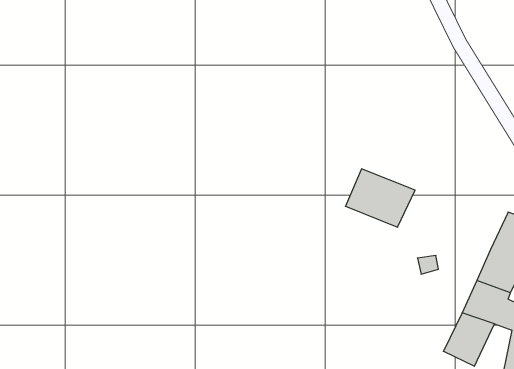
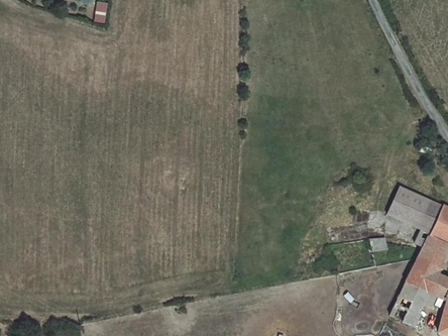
building: [345,169,415,227] -> [385,186,442,233]

